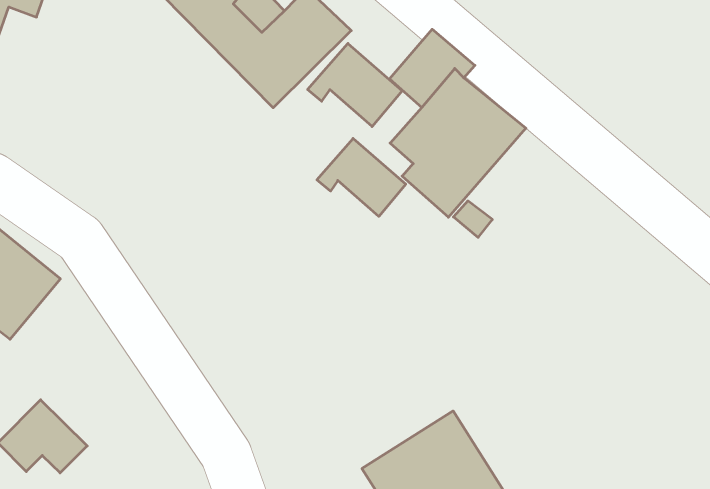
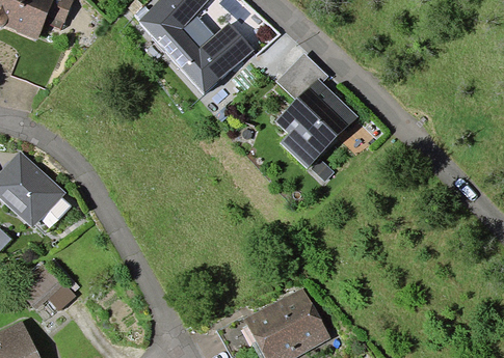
building: [308,43,402,127] -> none
building: [317,138,406,216] -> none

